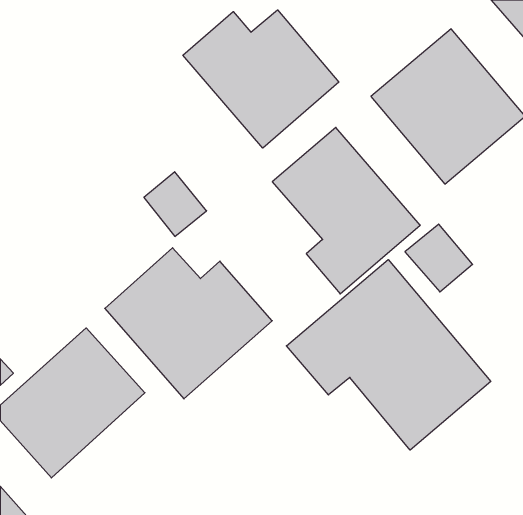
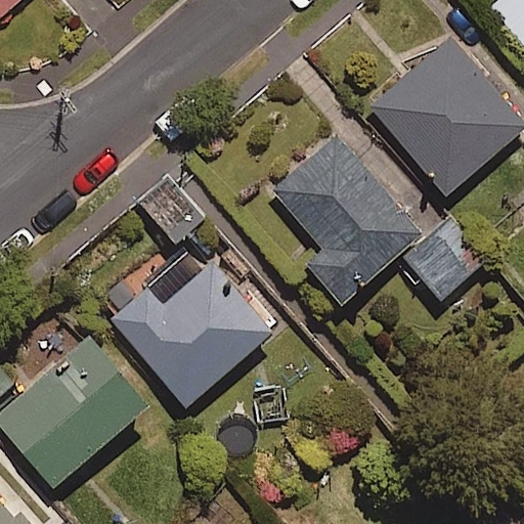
building: [183,10,339,148] -> none
building: [286,260,491,450] -> none

